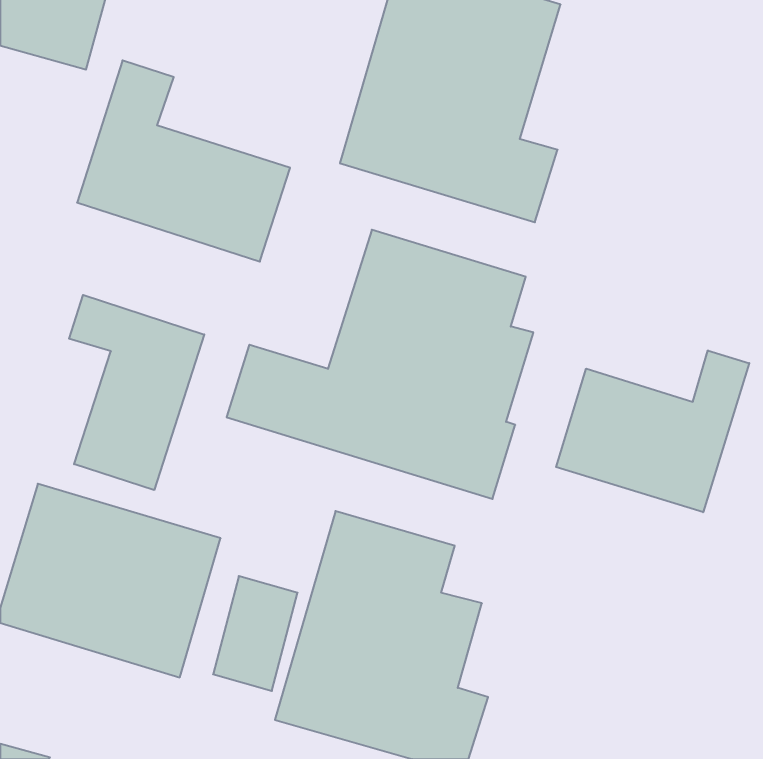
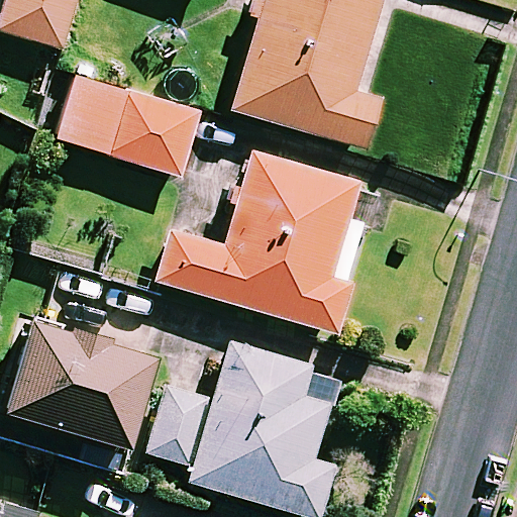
building: [69,295,204,490] -> none
building: [556,350,749,512] -> none

